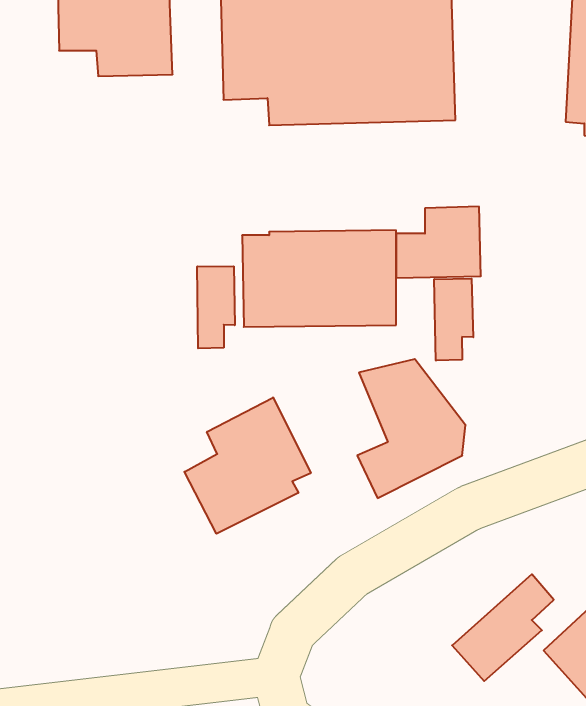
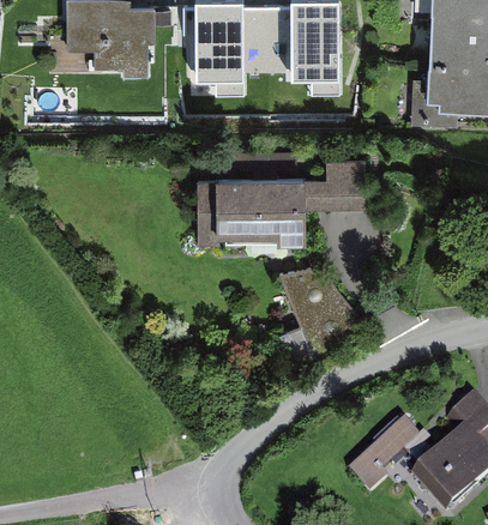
building: [197,266,235,348] -> none
building: [434,279,473,361] -> none
building: [184,397,311,534] -> none

